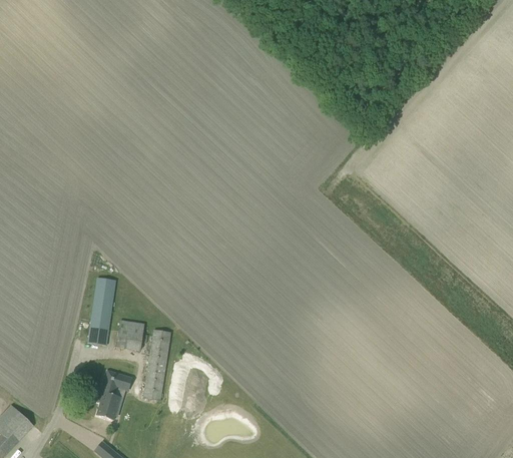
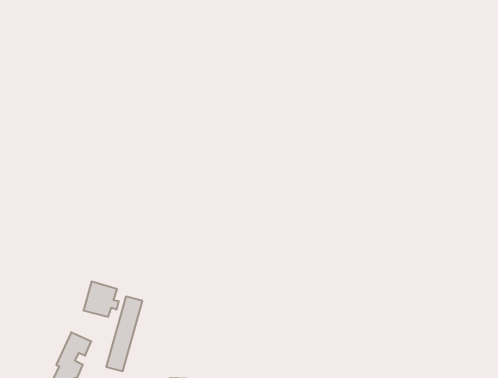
building: [87,278,115,345] -> none

